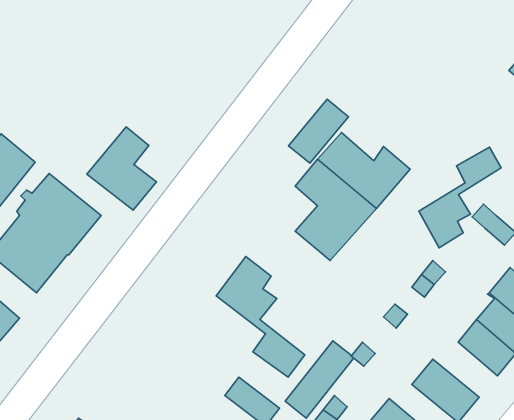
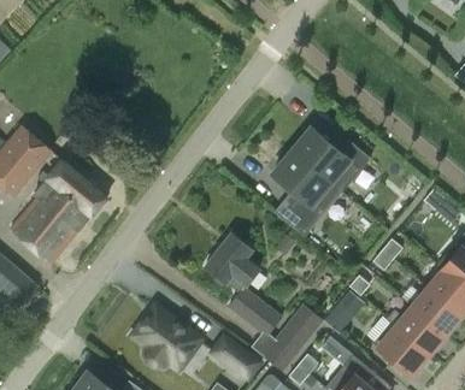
building: [288,99,348,163] -> none
building: [87,127,157,210] -> none
building: [419,147,501,248] -> none
building: none -> [390,306,446,353]
building: none -> [131,309,200,367]

